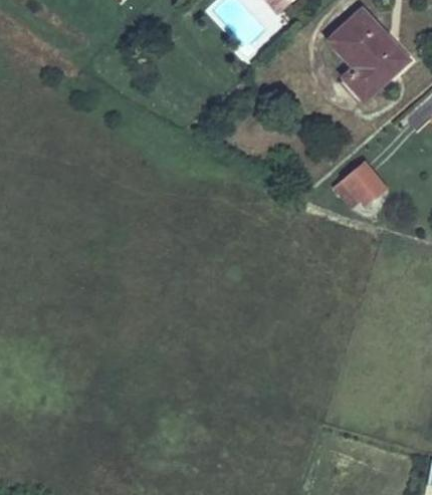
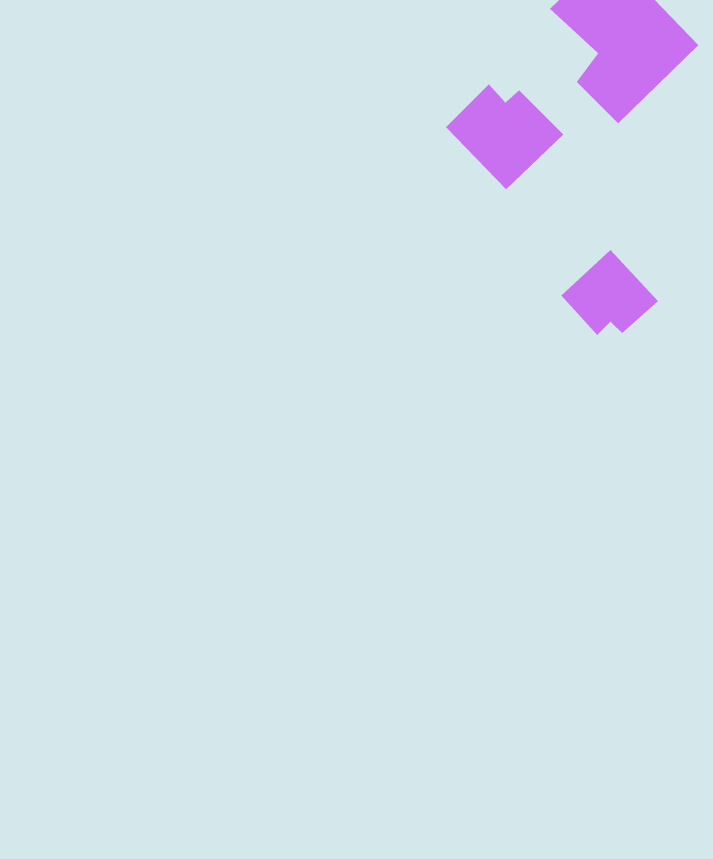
building: none -> [445,84,564,190]

